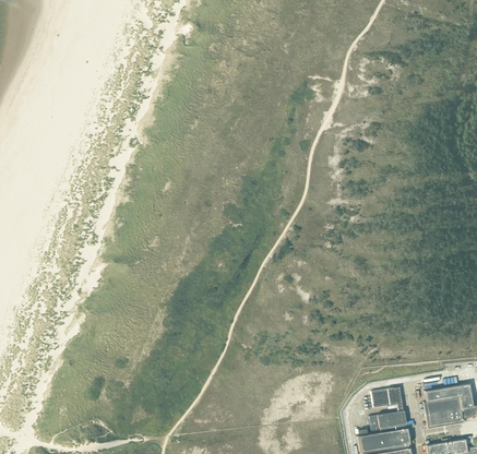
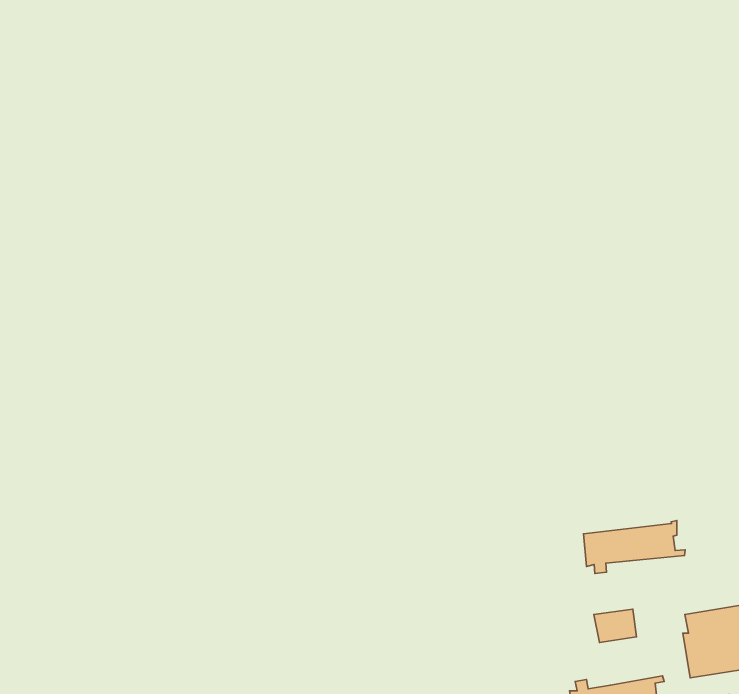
building: none -> [583,520,685,574]
building: [378,411,415,433] -> none

